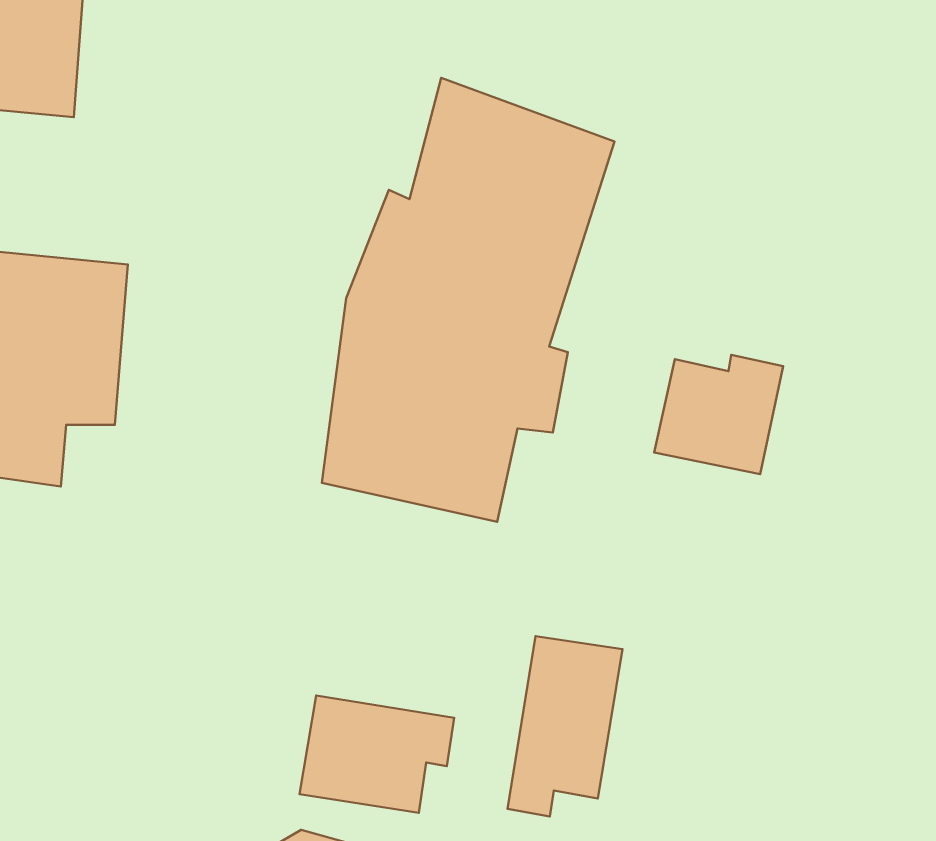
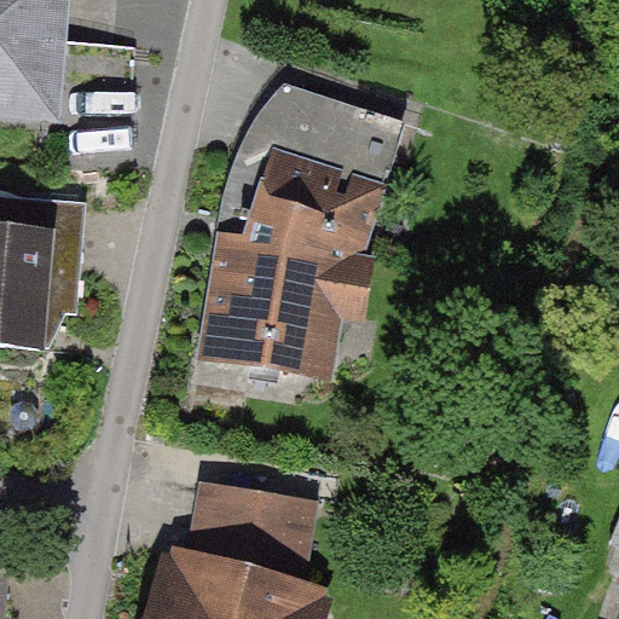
building: [654,355,783,474] -> none
building: [507,636,623,816] -> none

